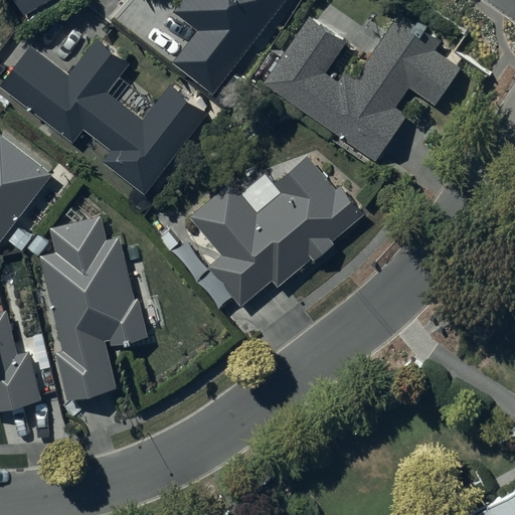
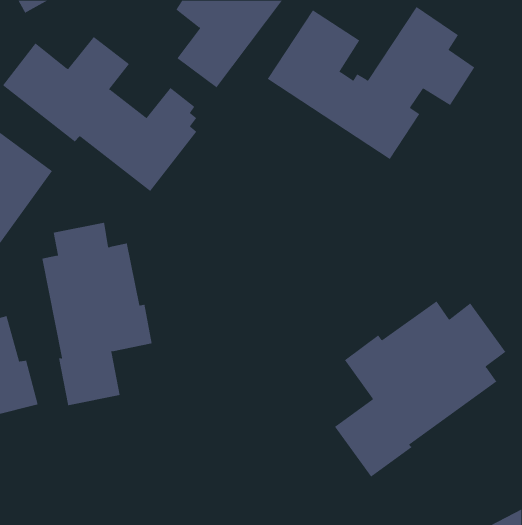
building: [188,158,360,308] -> none
building: none -> [334,300,506,477]

